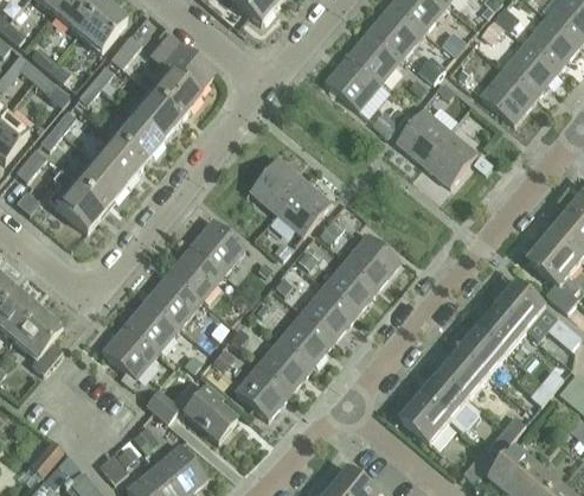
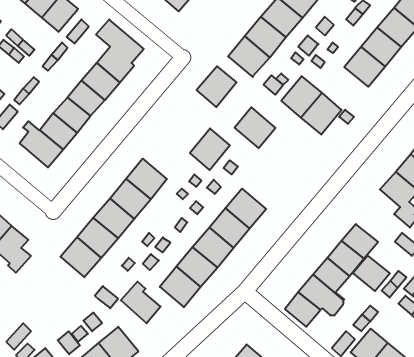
building: [249,158,302,212] -> [197,66,237,107]
building: [345,233,399,287] -> [235,107,275,148]
building: [496,284,546,331] -> [353,256,390,291]

